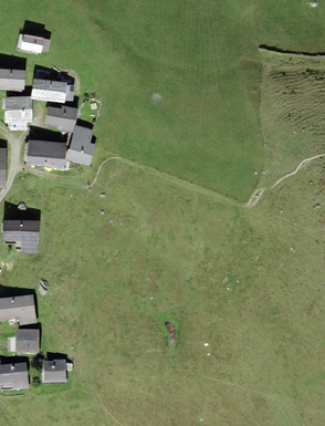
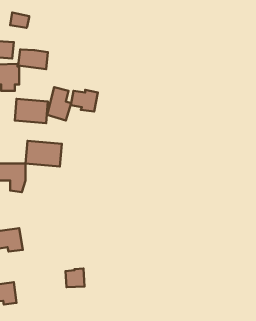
building: [43,103,76,129] -> [71,90,98,112]
building: none -> [25,141,62,166]
building: [14,331,38,353] -> none
building: [42,360,65,383] -> [66,268,84,287]

